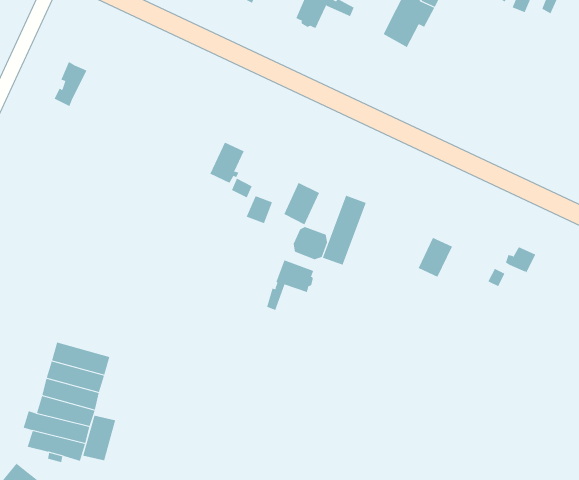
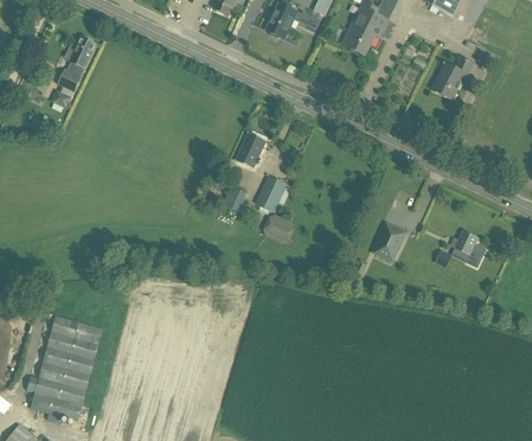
building: none -> [65,34,96,74]
building: none -> [431,56,473,100]
building: [210,142,245,183] -> [235,130,265,167]
building: [322,195,366,266] -> none
building: [267,259,314,311] -> none
building: [83,415,116,461] -> none

